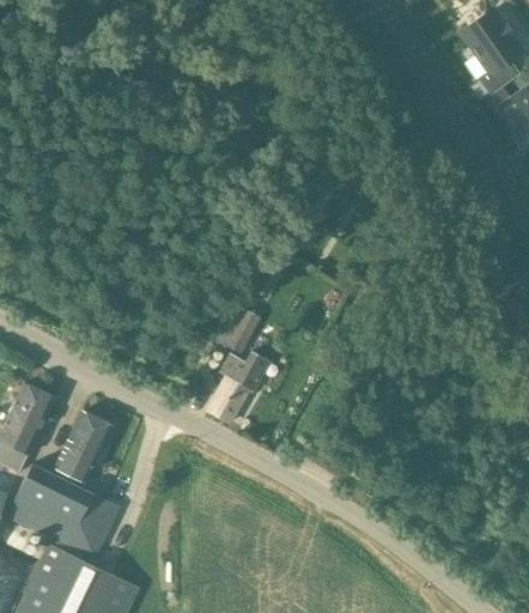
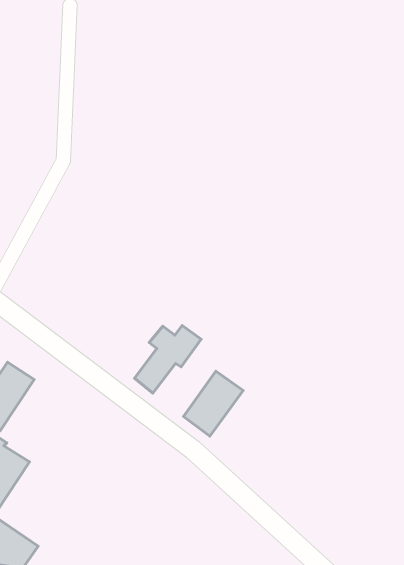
building: [221,308,261,354] -> none
building: none -> [183,371,243,436]

